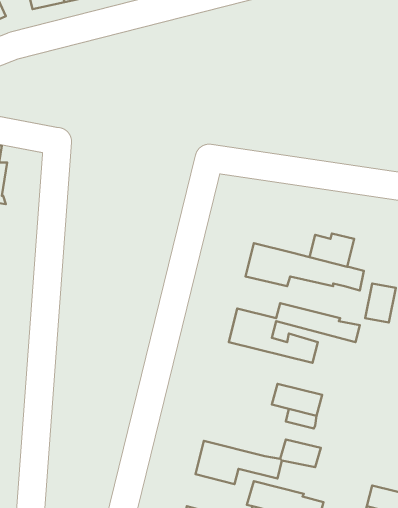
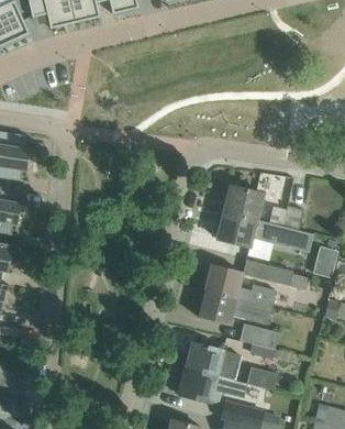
building: none -> [225,186,263,220]
building: none -> [199,290,271,324]
building: none -> [186,342,241,381]

